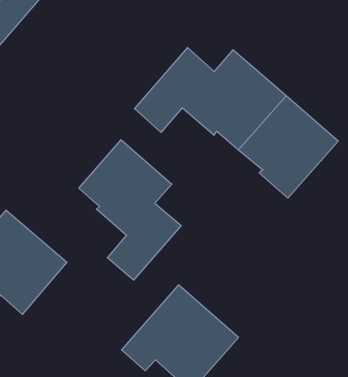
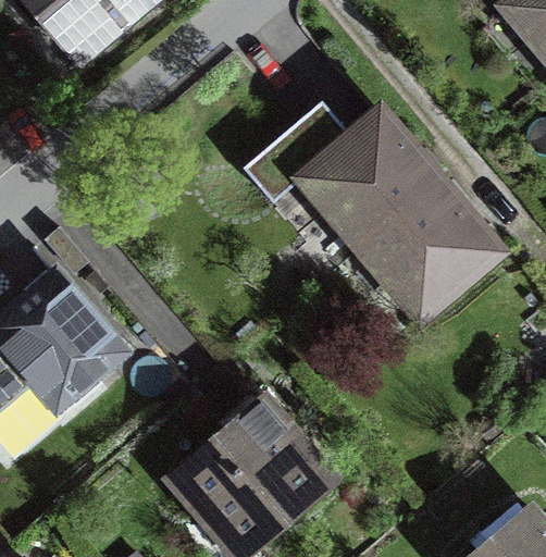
building: [79,140,181,280] -> none

